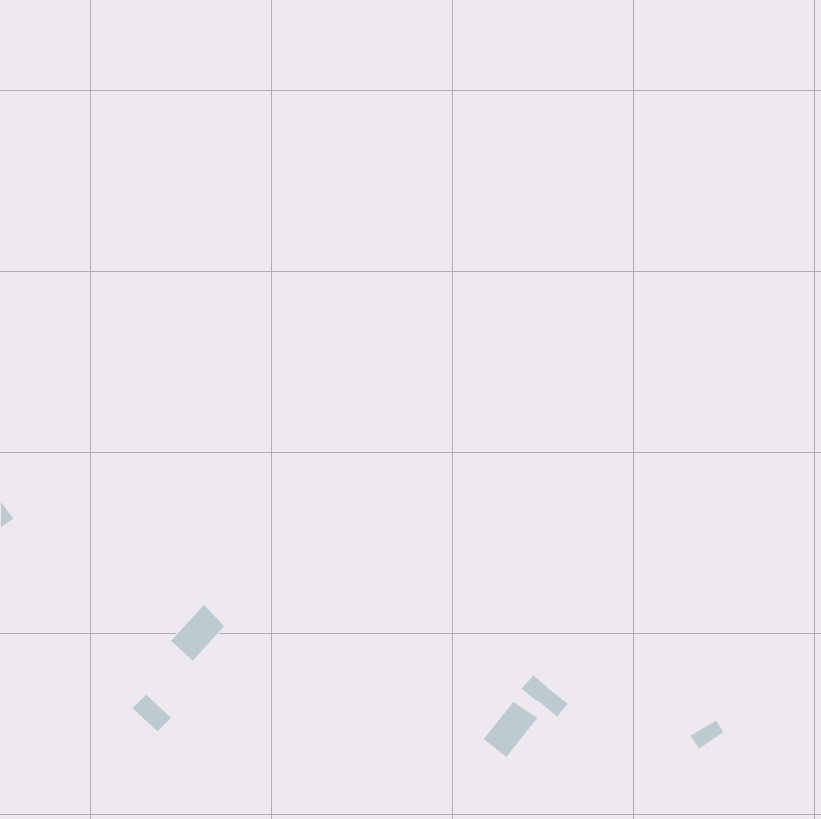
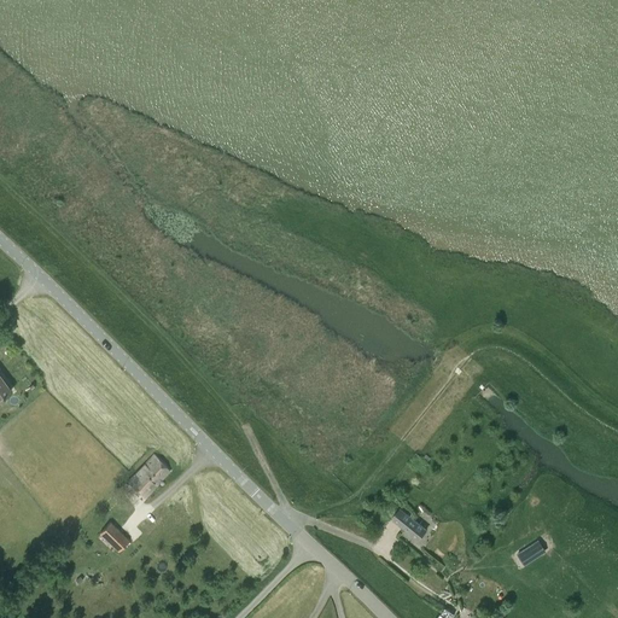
building: [482,701,539,758] -> none

